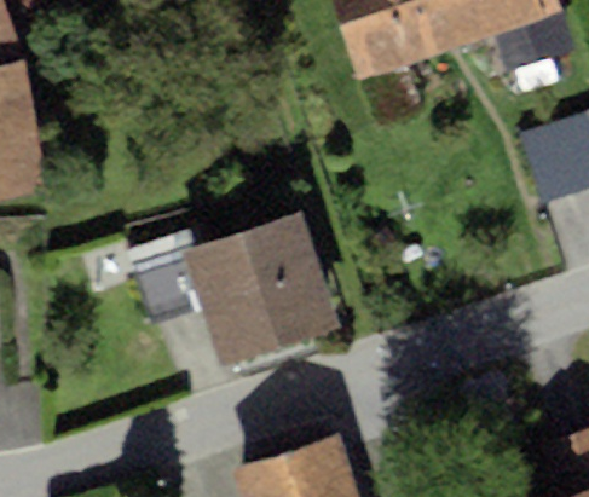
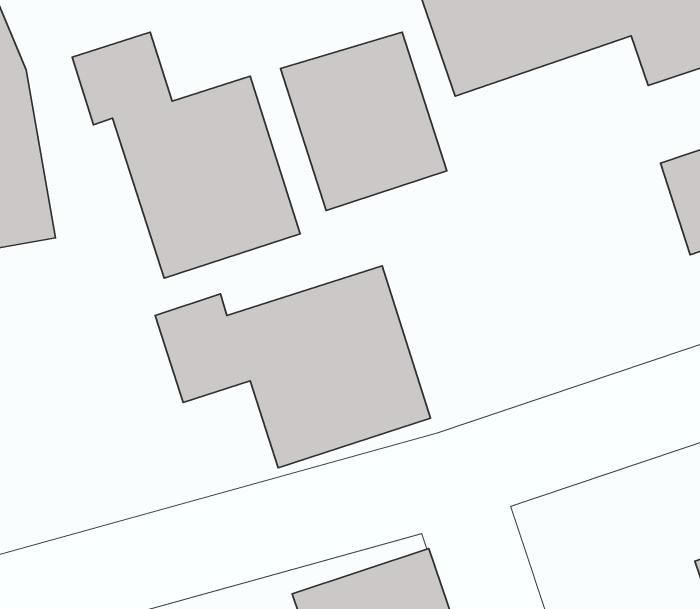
building: none -> [72,32,300,278]
building: none -> [280,32,447,211]

